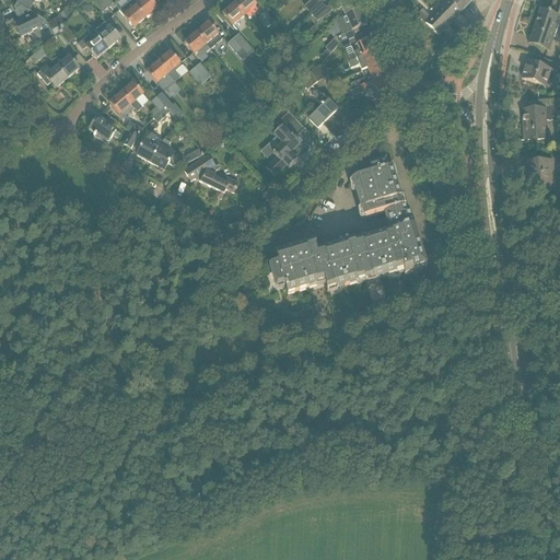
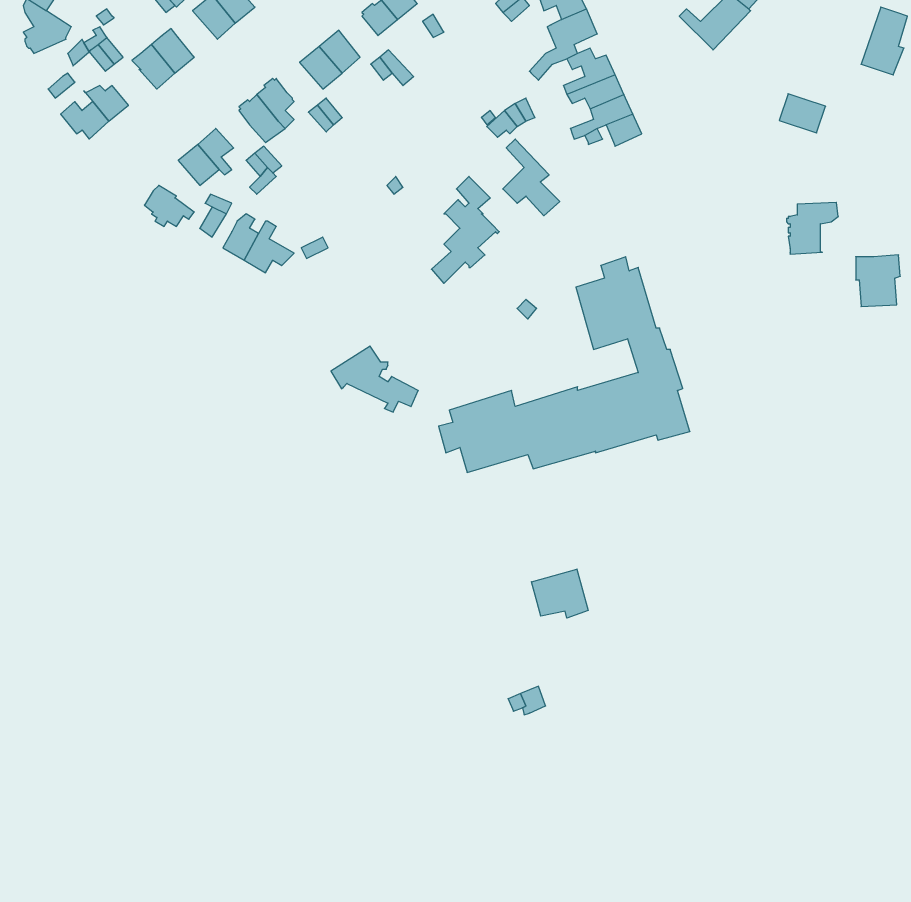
building: [522,58,550,82] -> [779,94,826,133]
building: [522,104,553,136] -> [787,202,838,254]
building: [184,152,237,192] -> [331,346,418,412]
building: none -> [531,569,588,618]

